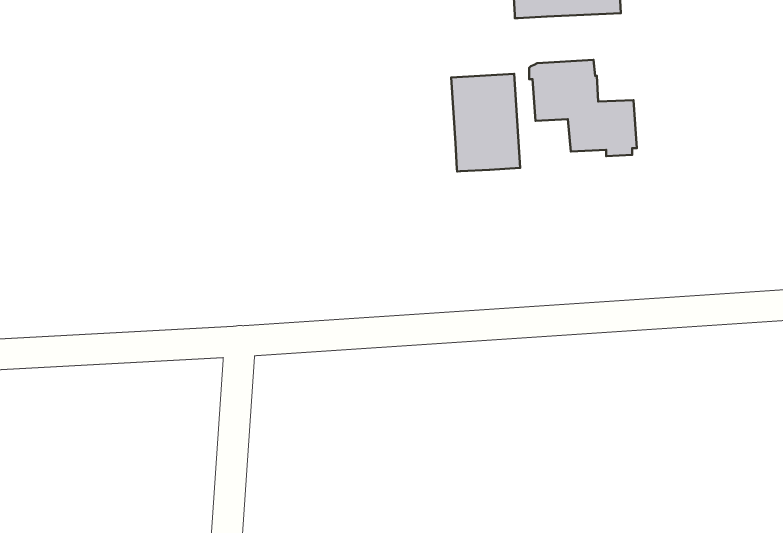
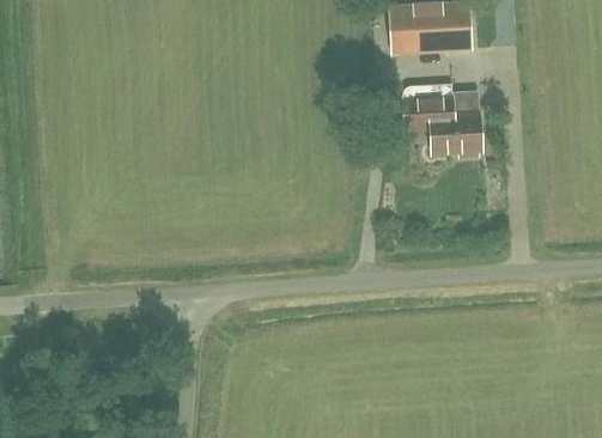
building: [451,74,520,172] -> none

